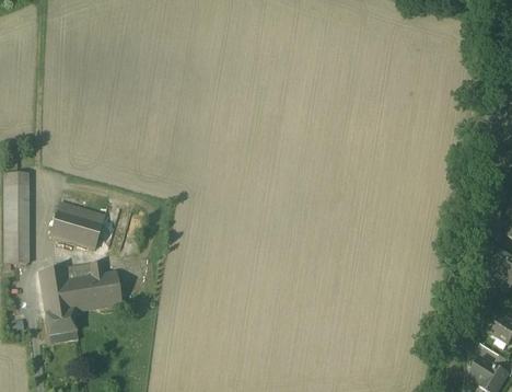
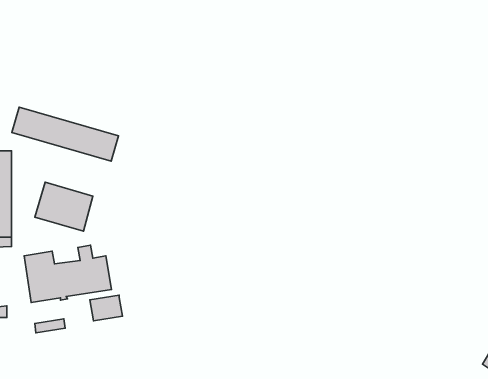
building: none -> [12,107,118,161]
building: [46,310,77,334] -> [90,295,123,321]

